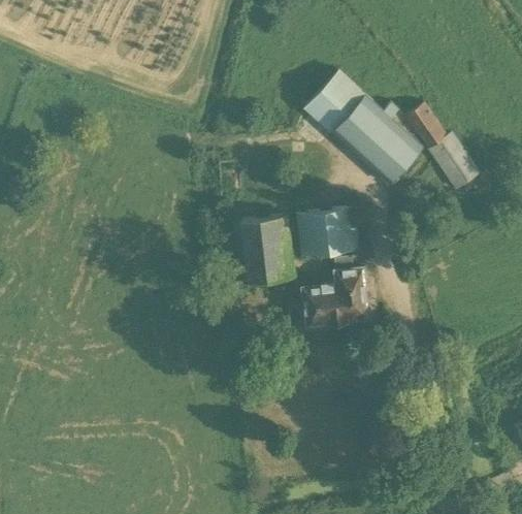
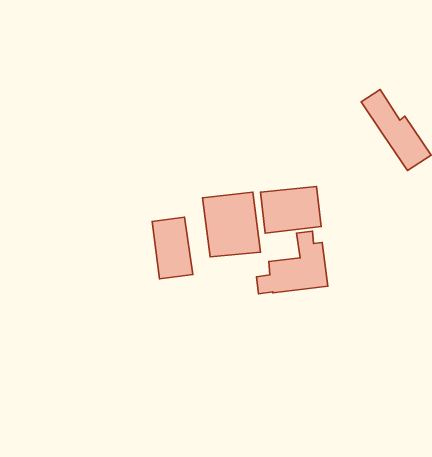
building: [304,69,424,188] -> none
building: none -> [152,217,193,279]

